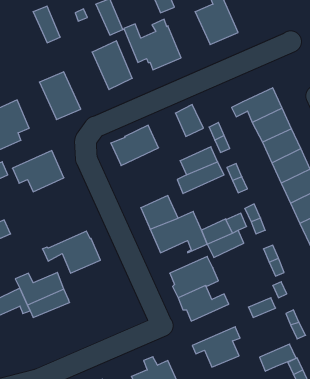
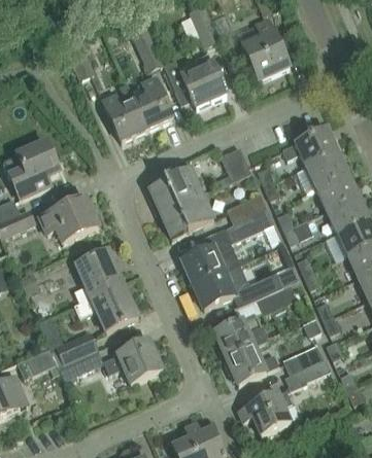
building: [39,72,81,120] -> [102,87,147,140]
building: none -> [161,192,213,237]
building: none -> [74,248,123,303]
building: none -> [103,339,163,383]
building: [260,344,296,371] -> [283,343,324,373]

